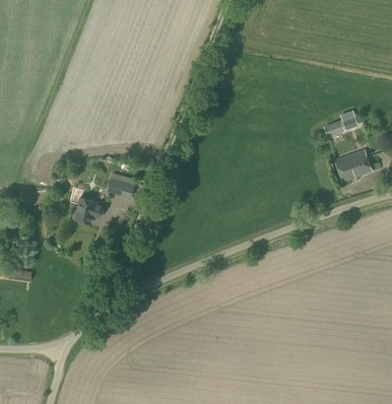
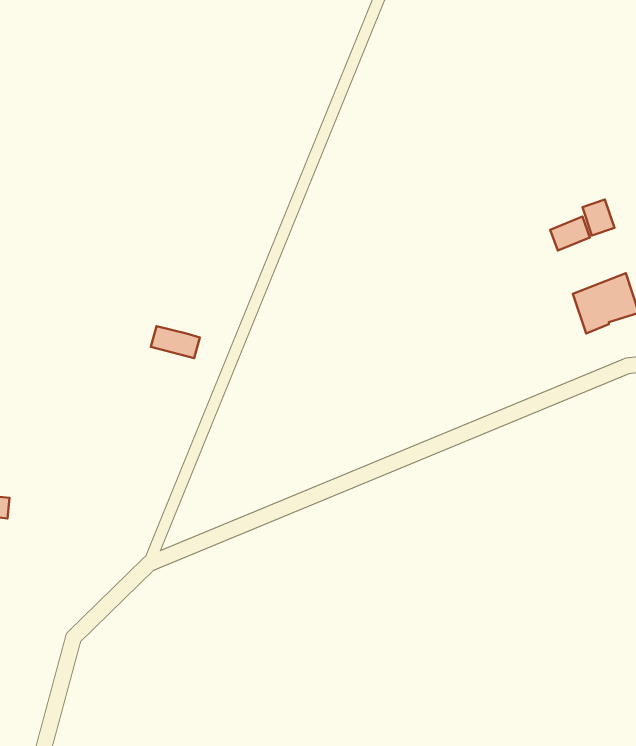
building: [74,196,103,222] -> none

